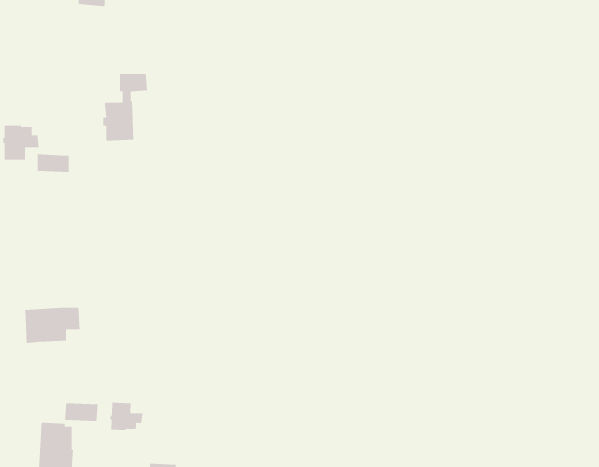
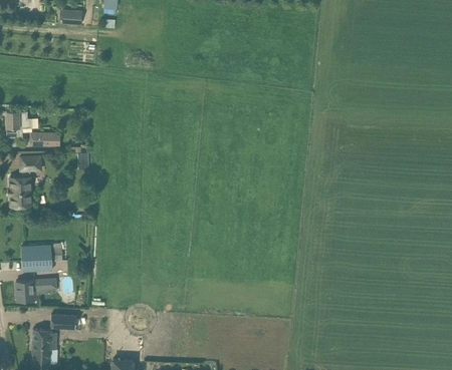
building: [103,73,148,142] -> [9,155,42,206]
building: none -> [17,279,46,300]
building: [110,402,144,431] -> none

